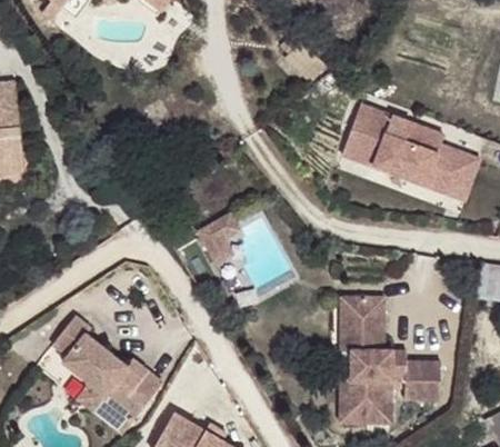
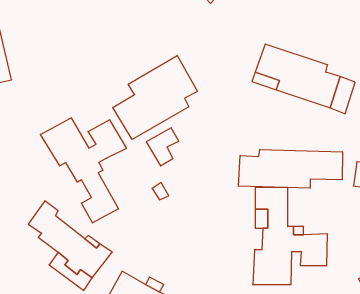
building: none -> [113,55,198,139]
building: none -> [40,118,126,223]
building: none -> [239,149,342,188]

